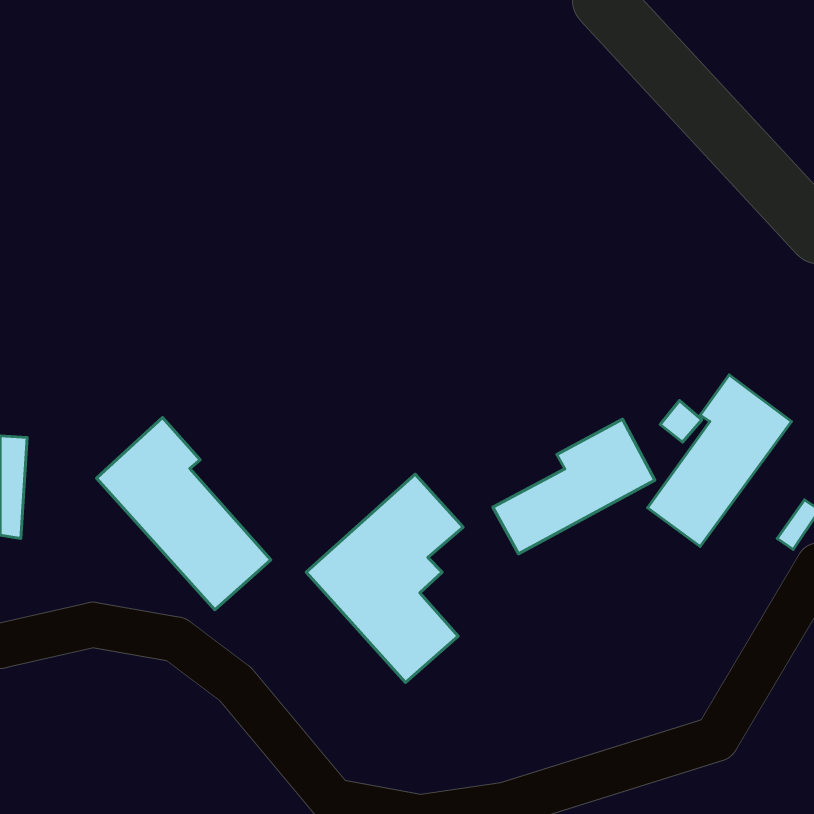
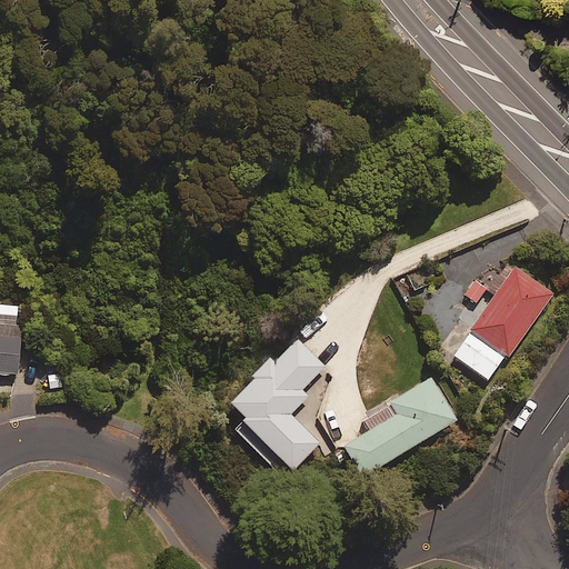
building: [97,418,271,610] -> none
building: [493,419,655,554] -> [343,380,456,473]

